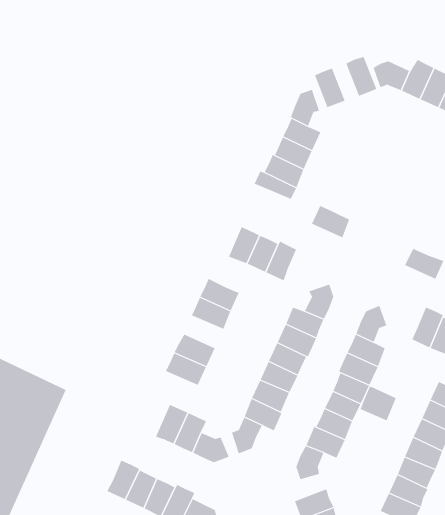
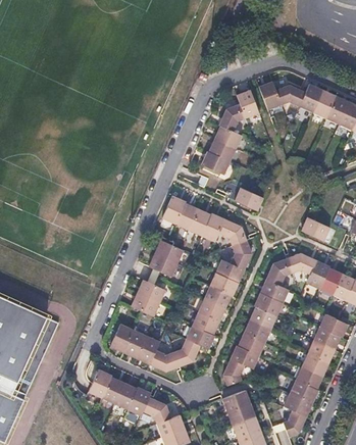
building: none -> [160,194,186,224]
building: none -> [218,218,246,242]
building: none -> [289,252,316,274]
building: [360,386,397,421] -> none
building: none -> [110,323,134,352]

